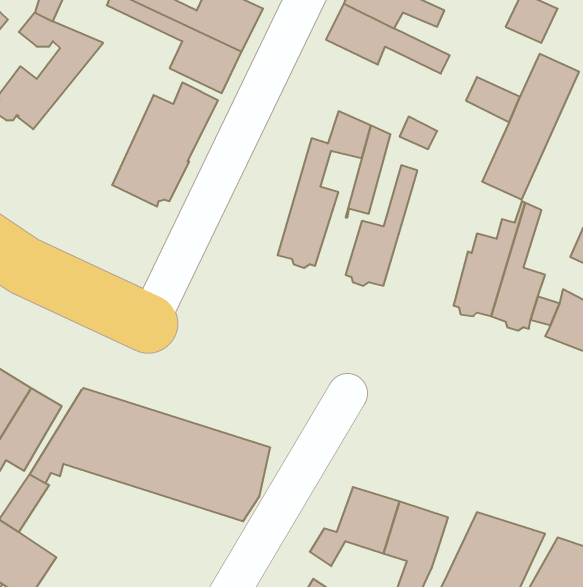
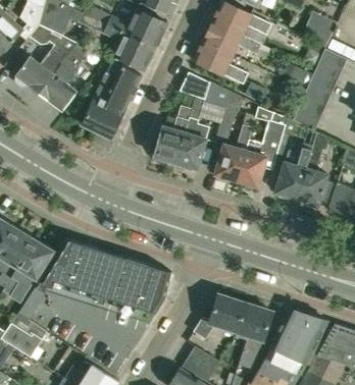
building: none -> [194,41,248,85]
building: none -> [37,43,92,110]
building: none -> [152,72,210,163]
building: none -> [236,113,288,188]

